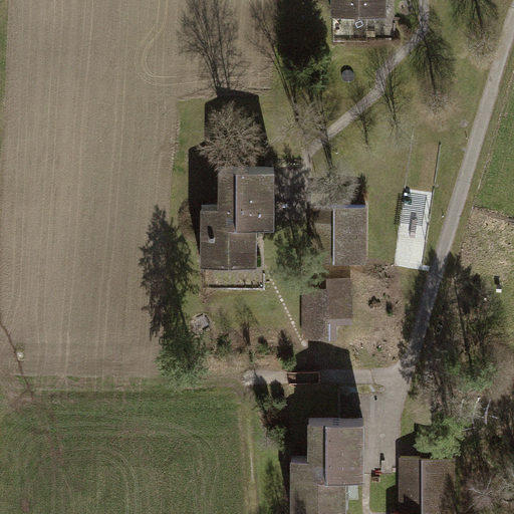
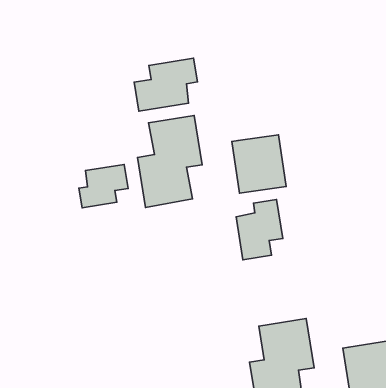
building: none -> [134,58,197,111]
building: none -> [79,164,128,208]

